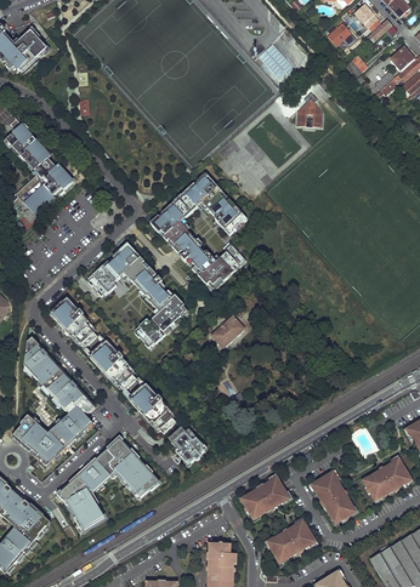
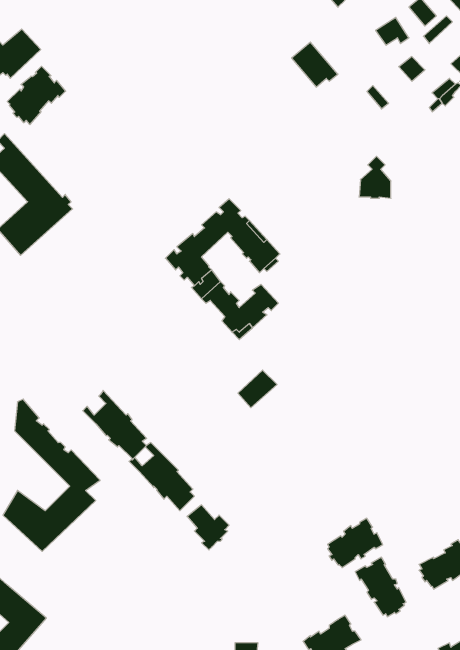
building: none -> [7,66,66,125]
building: [295,92,322,127] -> [359,156,391,198]
building: [86,243,187,347] -> none
building: [50,297,96,347] -> none
building: [58,437,164,529] -> none
building: [242,477,288,518] -> [328,518,383,568]

